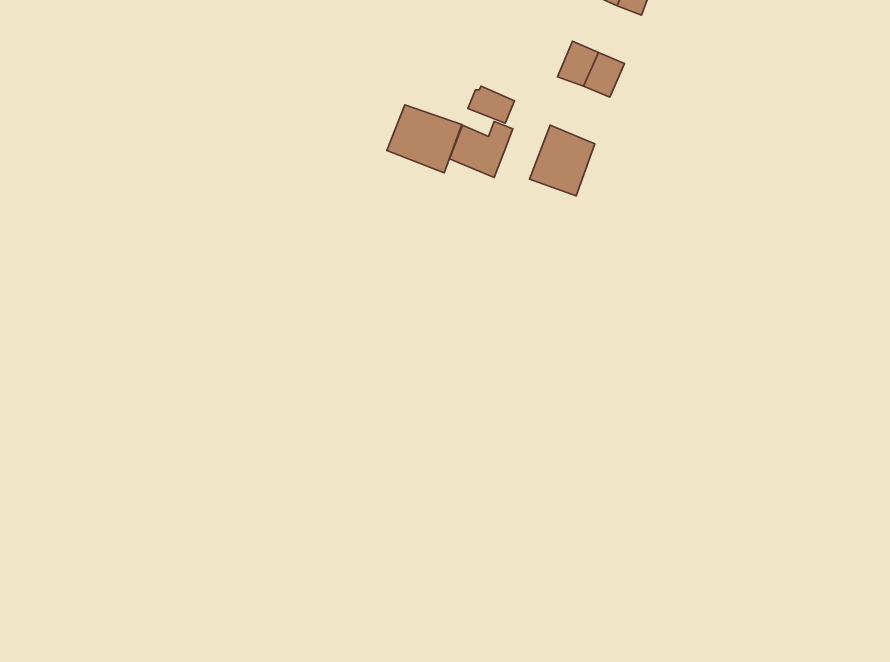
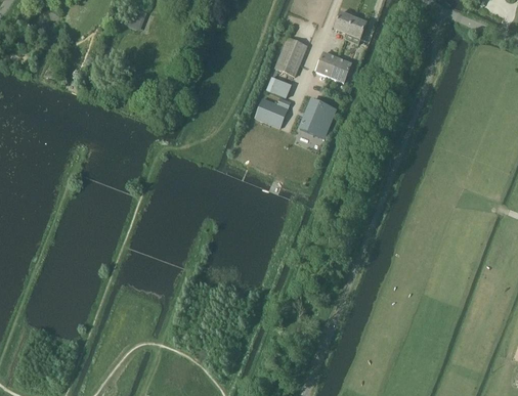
building: none -> [274,37,306,76]
building: [387,105,462,173] -> none

